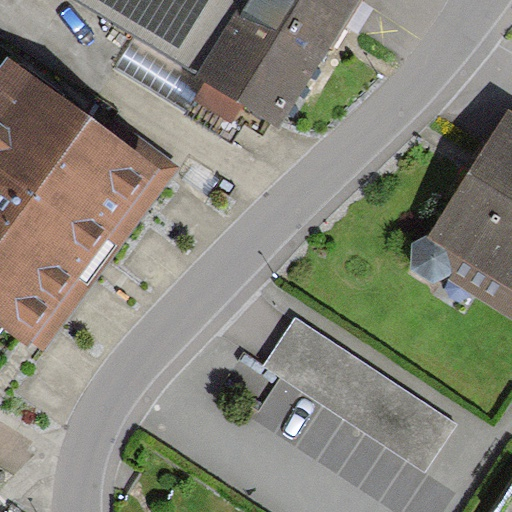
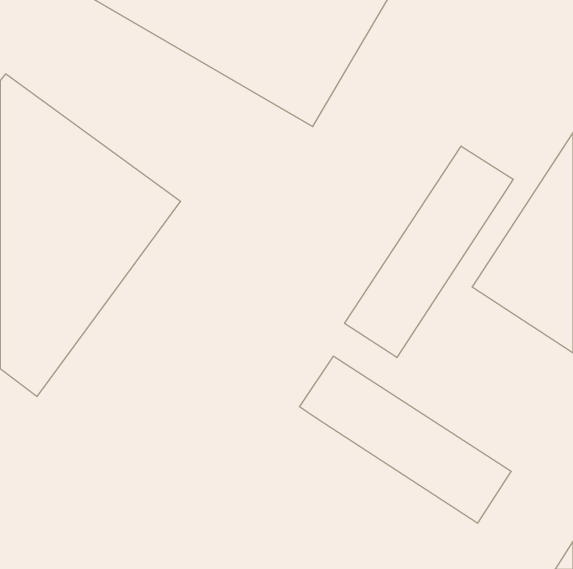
building: none -> [345,146,513,358]

